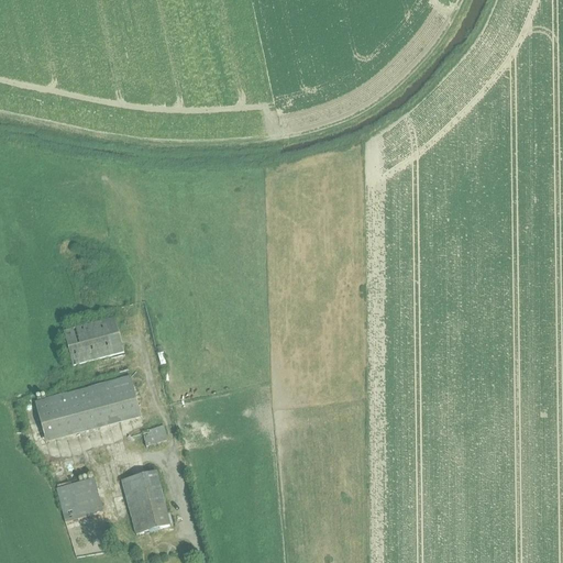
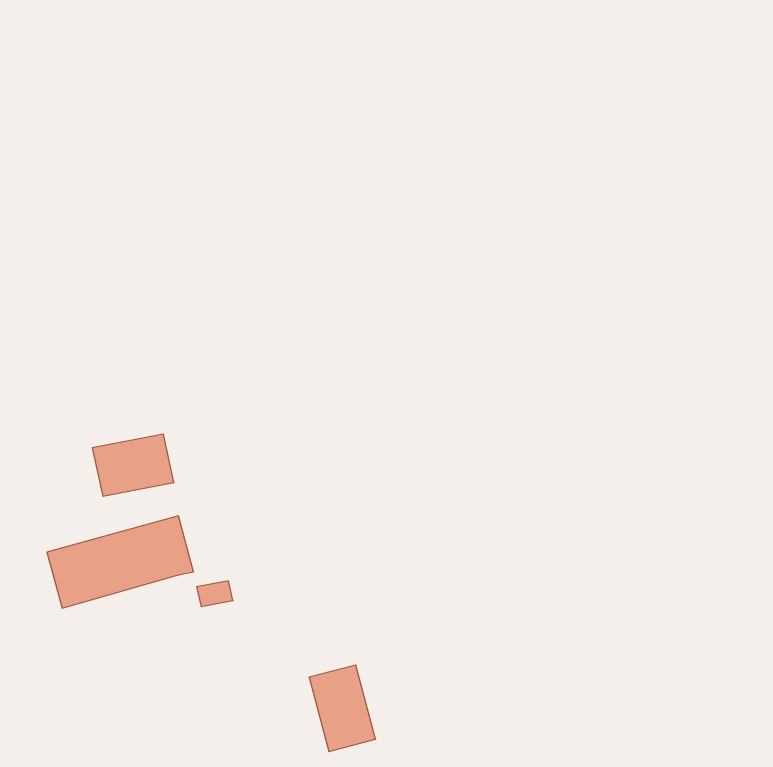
building: [121,470,169,532] -> [309,665,376,751]
building: [56,477,102,521] -> none

